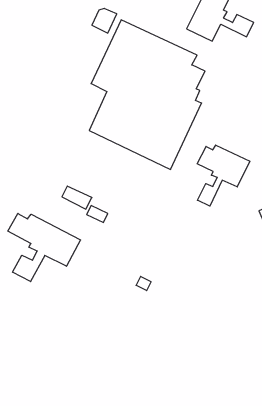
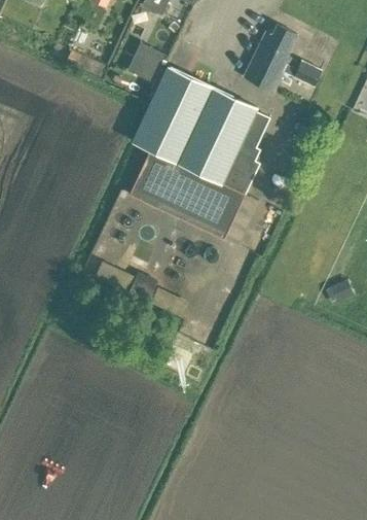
building: [197,145,250,206] -> none
building: [8,213,81,282] -> none

